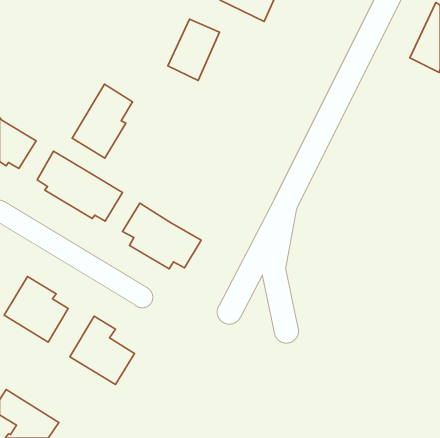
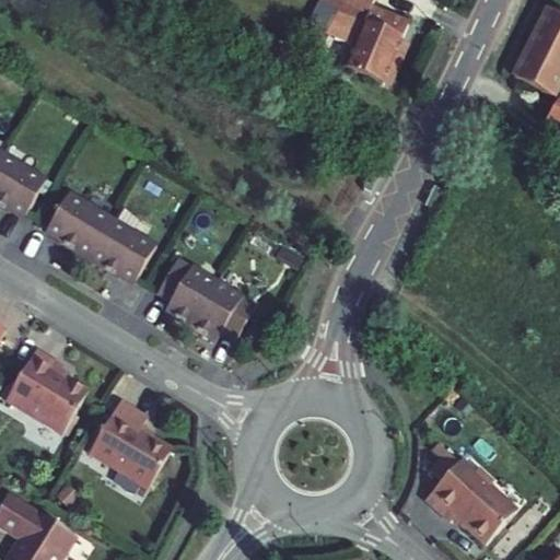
building: [168,19,220,81] -> [341,7,407,84]
building: [72,84,132,158] -> none
building: none -> [425,442,516,542]

